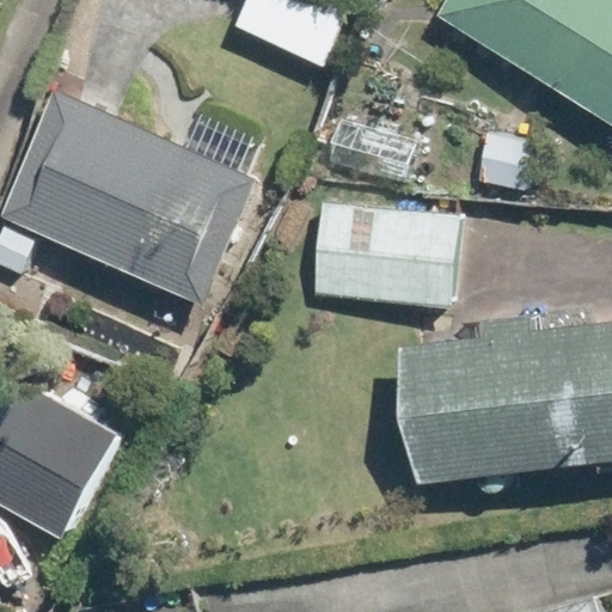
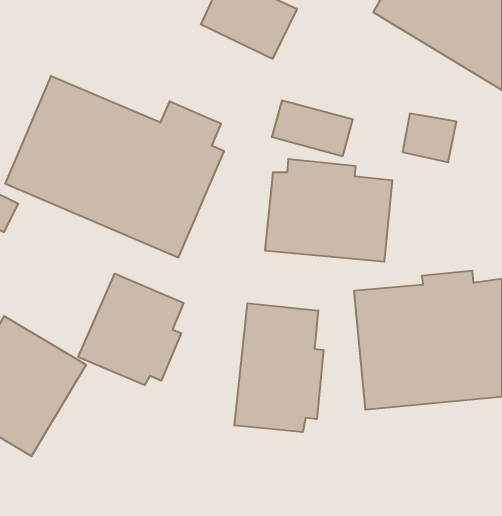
building: none -> [78,274,184,385]
building: none -> [234,303,323,432]

